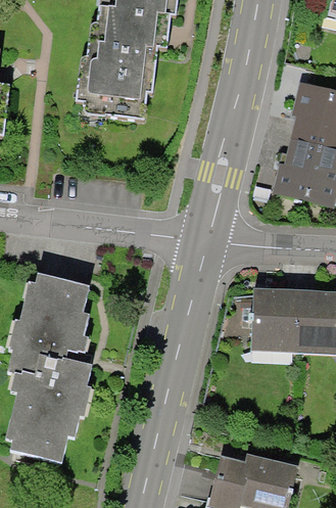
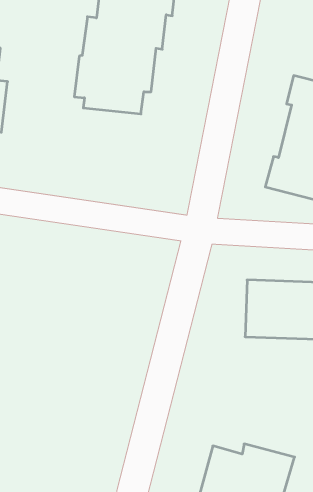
building: [7,278,97,466] -> none

